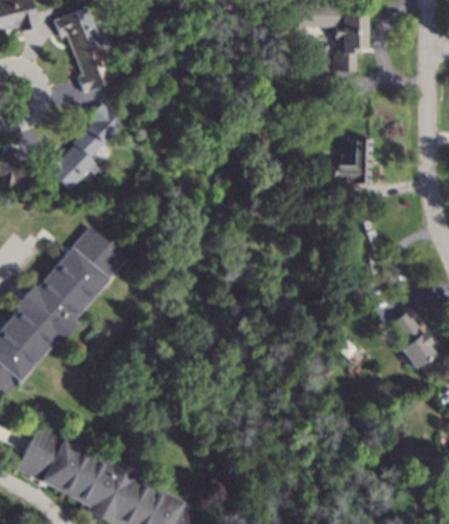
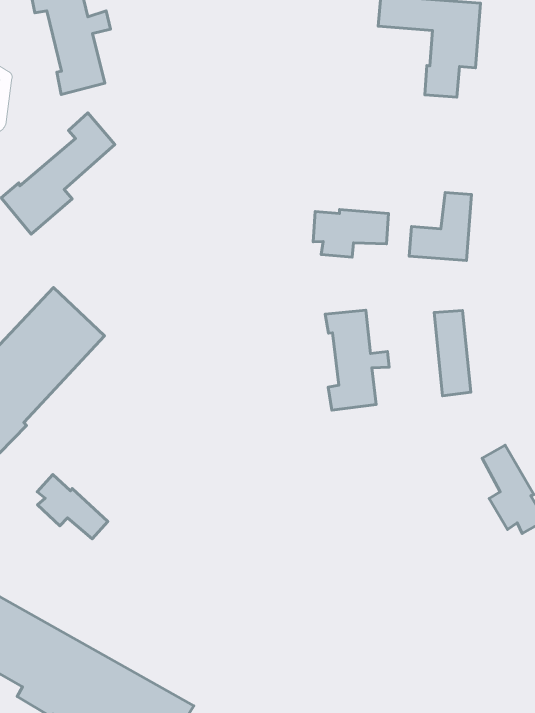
building: none -> [313,210,389,257]
building: none -> [325,310,389,410]
building: none -> [37,475,108,539]

